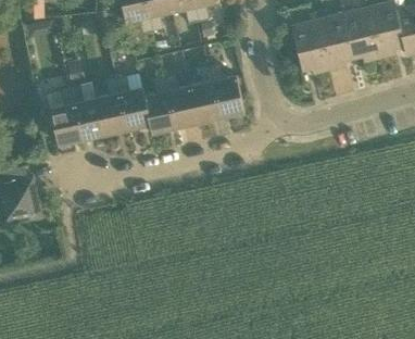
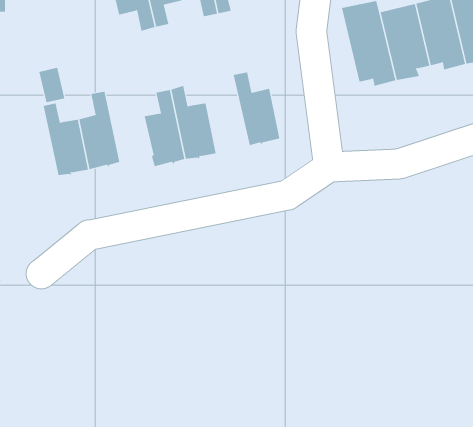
building: [190,65,222,123] -> none
building: [116,75,151,129] -> none
building: [47,88,81,145] -> none

